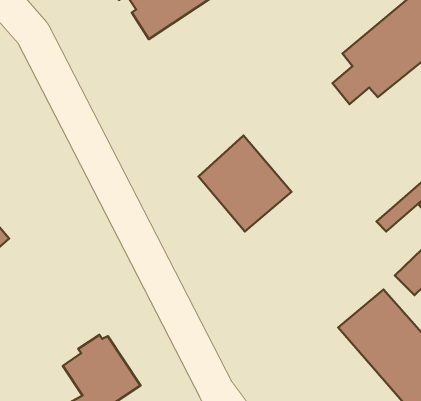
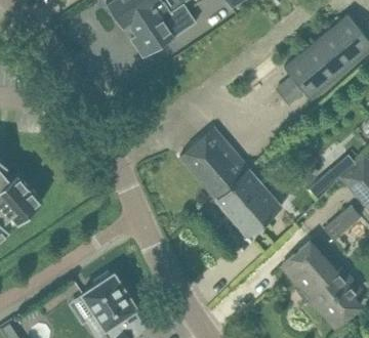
building: none -> [213,169,282,238]

